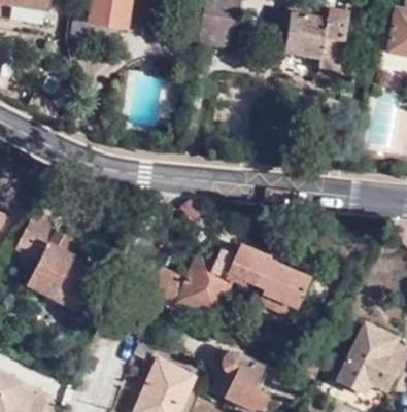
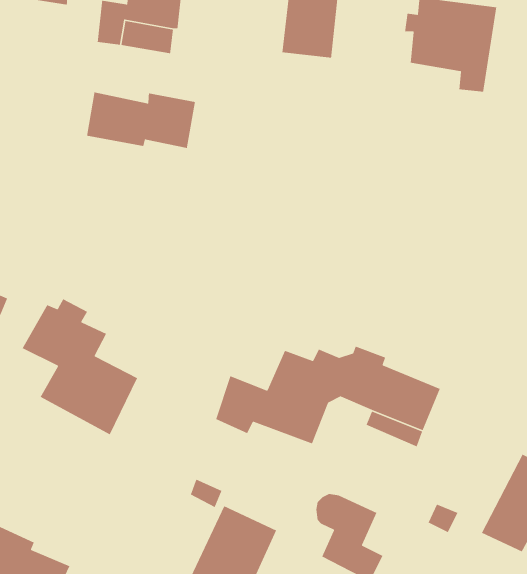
building: none -> [86,92,196,149]

